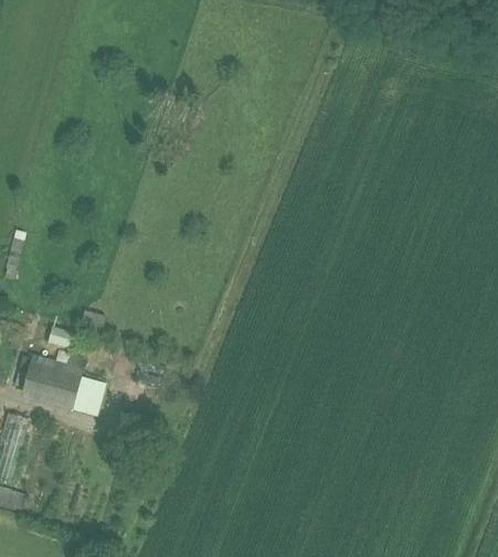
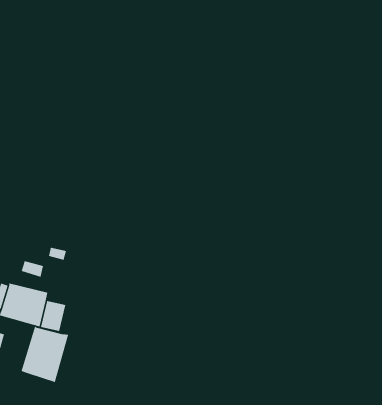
building: none -> [21,326,69,383]

